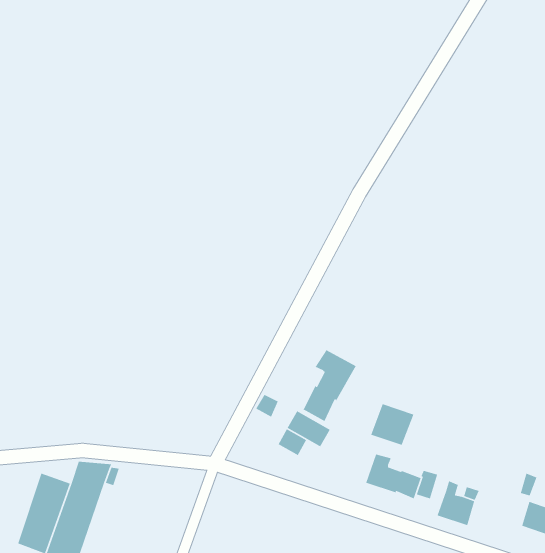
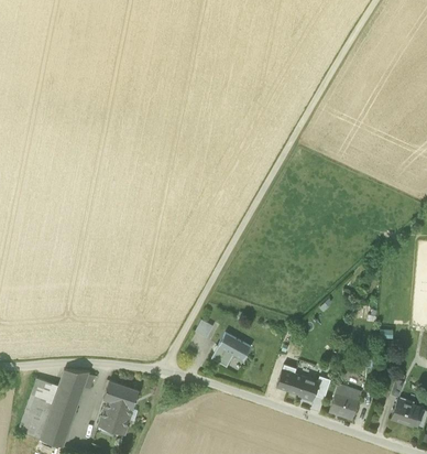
building: [302,349,357,422] -> none
building: [370,403,414,446] -> none
building: none -> [99,381,139,434]

